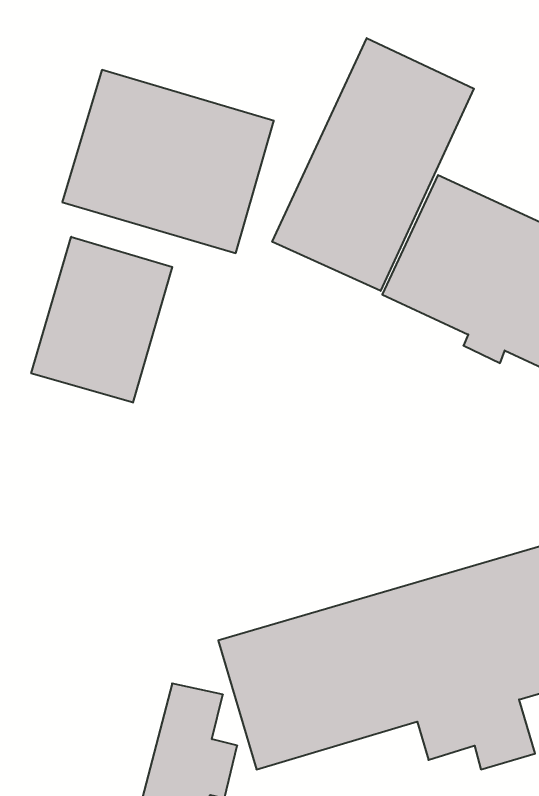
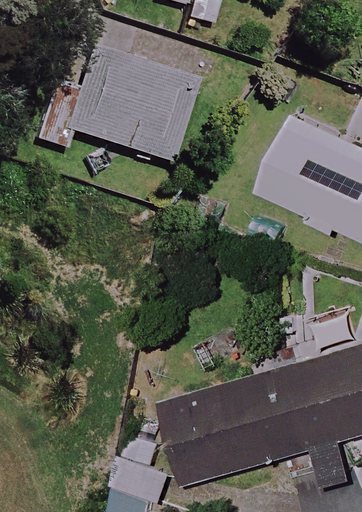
building: [272,38,474,291] -> none
building: [31,237,172,403] -> none

